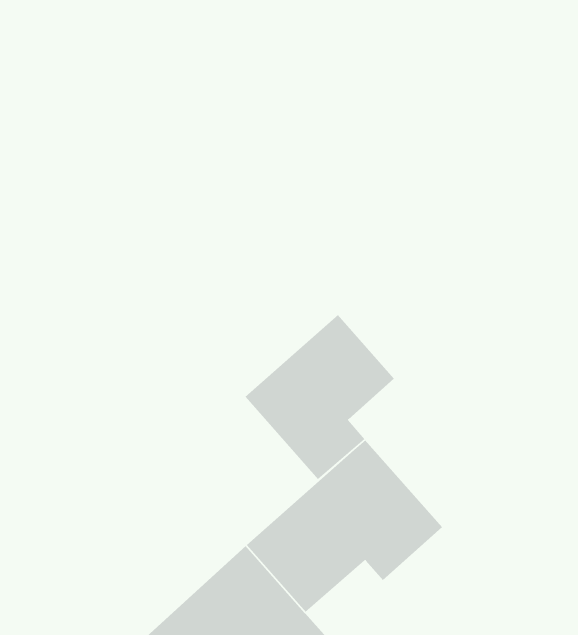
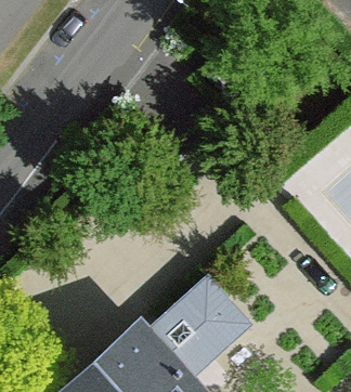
building: [245,314,395,480] -> none

